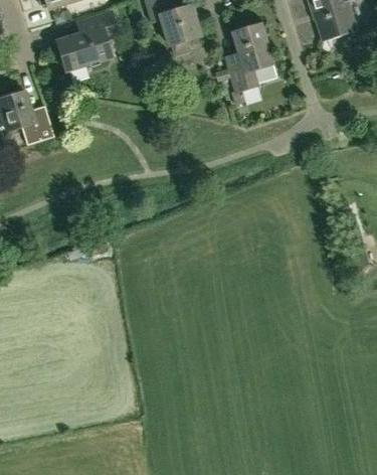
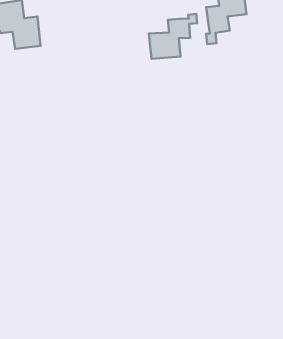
building: none -> [149,14,197,59]

